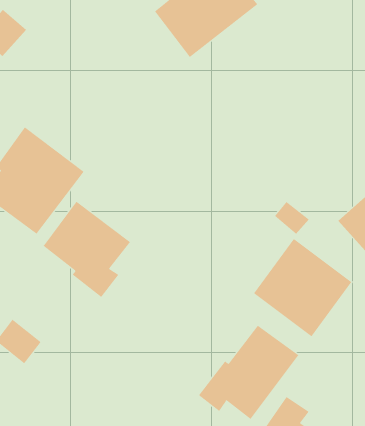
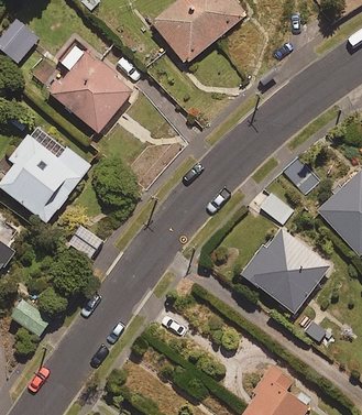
building: none -> [53,42,133,132]
building: [43,201,131,298] -> none
building: [198,325,299,420] -> none

